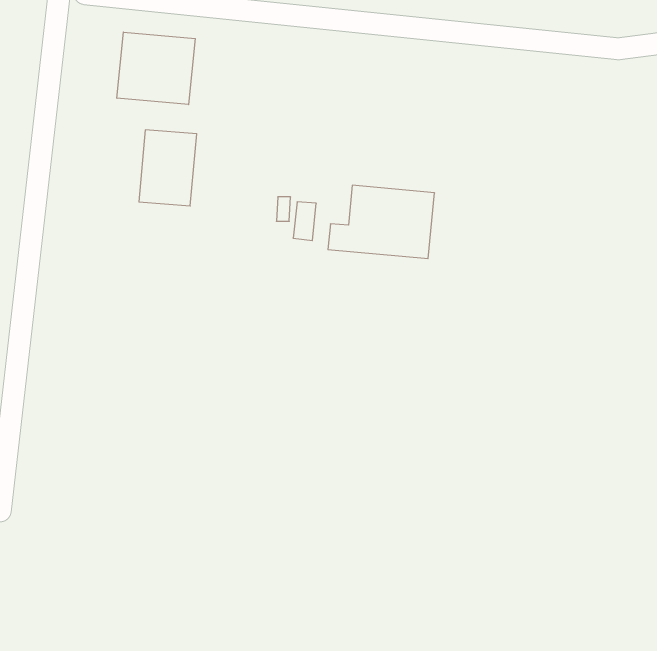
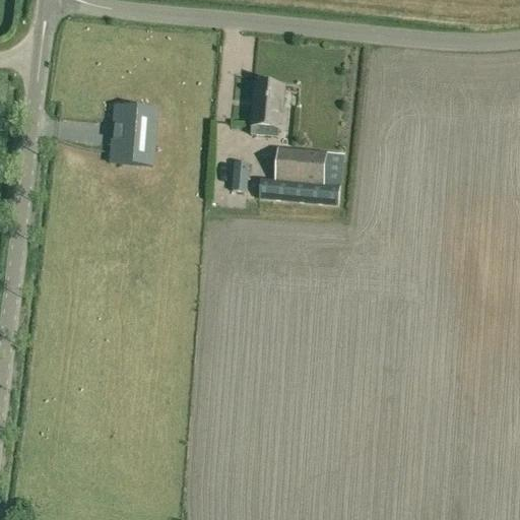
building: [117,32,195,105] -> none
building: none -> [252,81,287,134]

